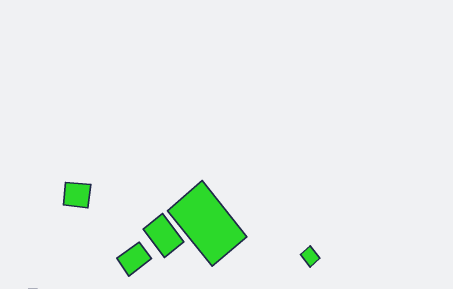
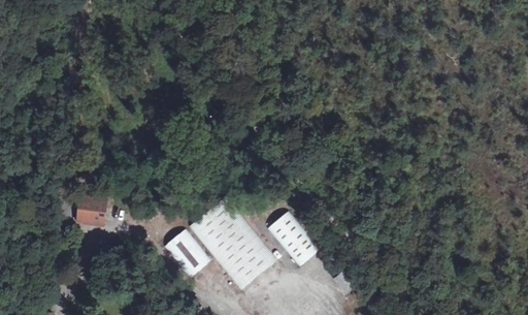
building: none -> [269,210,316,260]
building: [117,242,152,276] -> none

